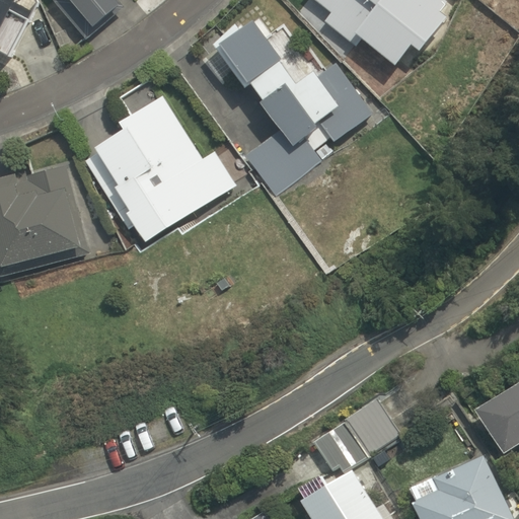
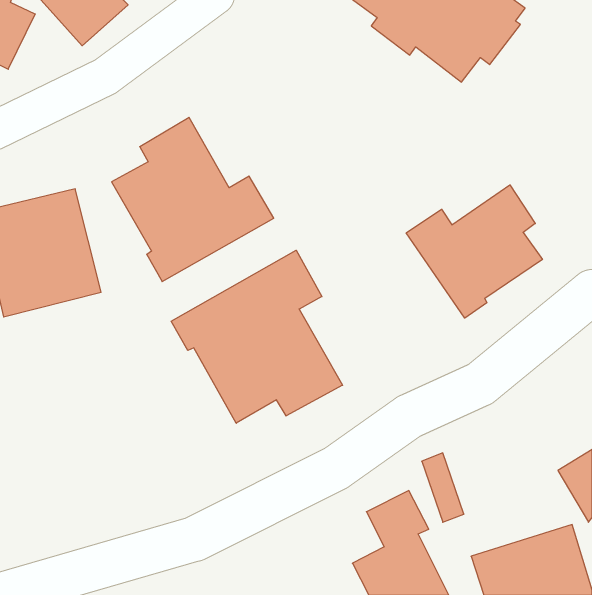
building: [222,31,368,192] -> none
building: none -> [406,185,542,318]
building: none -> [171,250,343,423]

